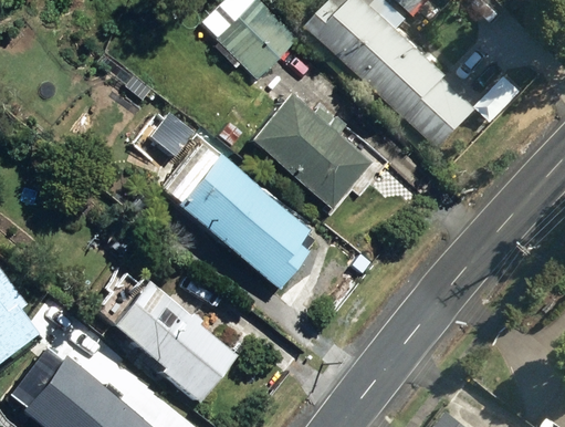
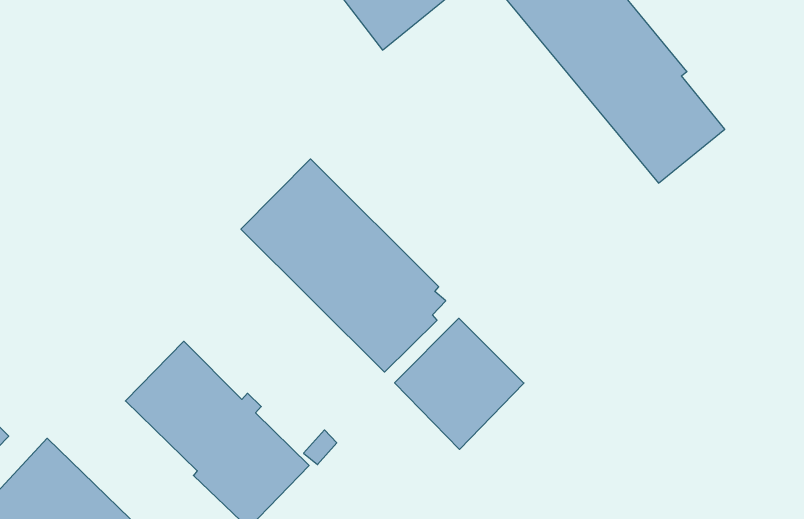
building: [249,93,369,207] -> none
building: none -> [395,318,524,449]

